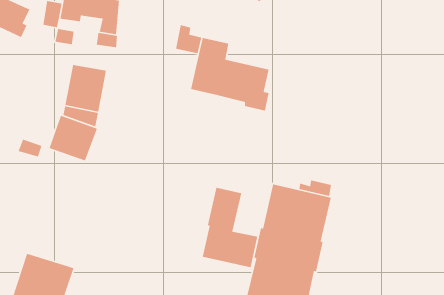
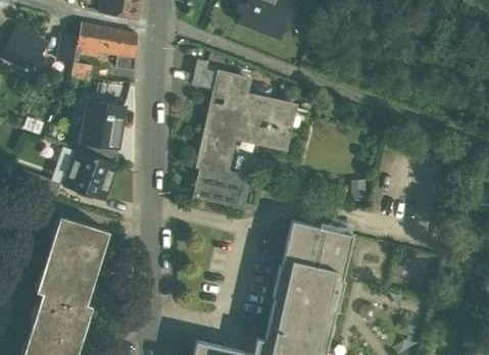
building: none -> [36,216,108,305]
building: [202,187,258,268] -> [194,125,251,208]

